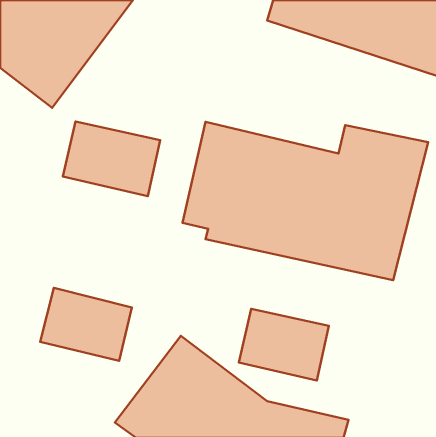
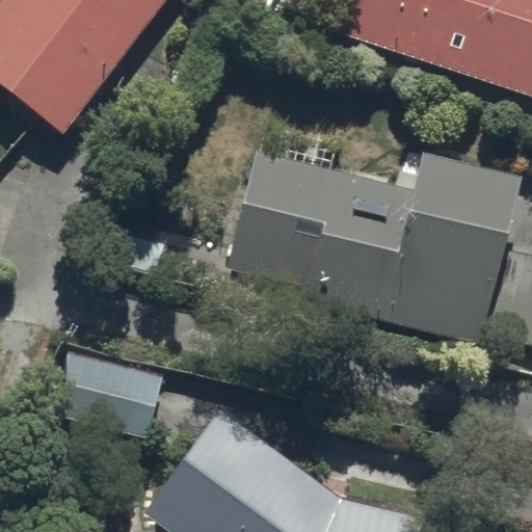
building: [63,122,160,196] -> none
building: [239,309,329,381] -> none

